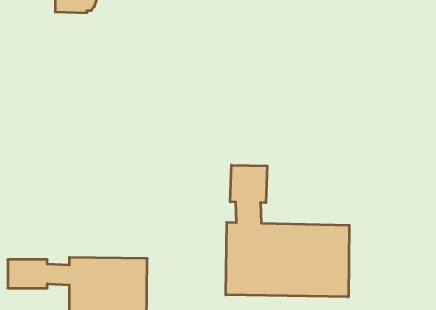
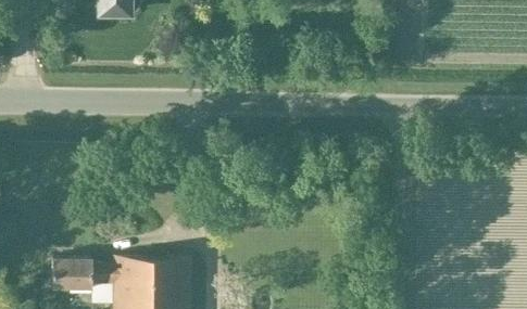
building: [226,165,349,297] -> none

